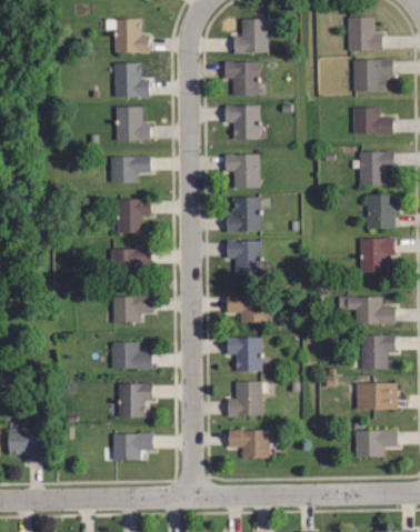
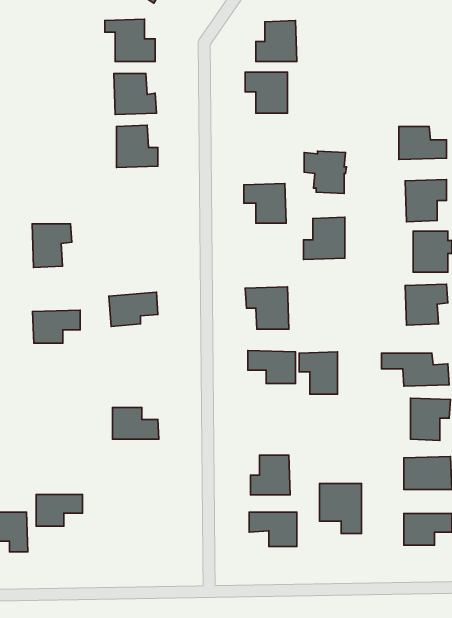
building: [349,16,383,50] -> none
building: [353,58,393,91] -> none
building: [223,104,259,140] -> [304,151,347,193]
building: [112,155,149,183] -> none
building: [118,198,151,234] -> [32,224,72,267]
building: [226,198,260,233] -> [304,217,345,260]
building: [113,295,153,323] -> [32,310,80,343]
building: [229,337,261,372] -> [299,352,338,394]
building: [120,383,152,418] -> none
building: none -> [320,484,361,534]
building: [114,434,153,461] -> [36,494,82,526]

